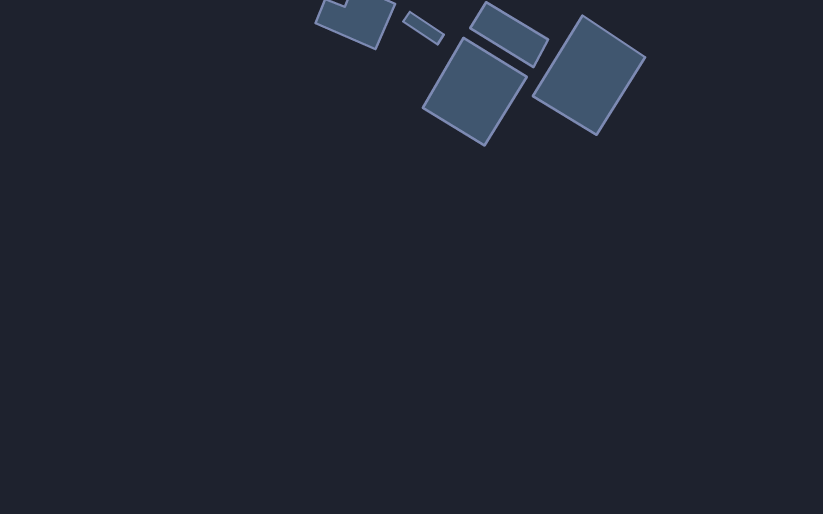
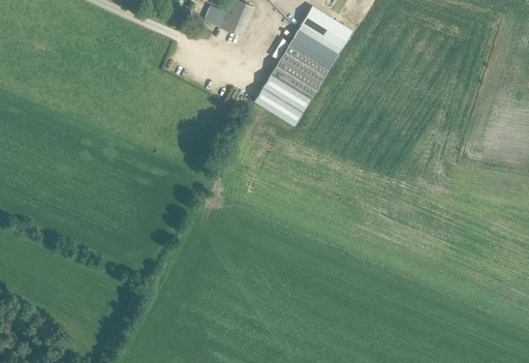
building: [533,16,645,135] -> none
building: none -> [254,74,310,125]

